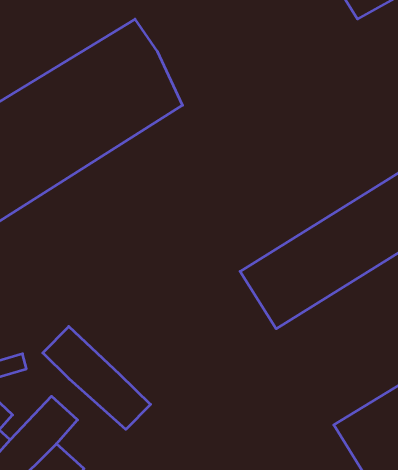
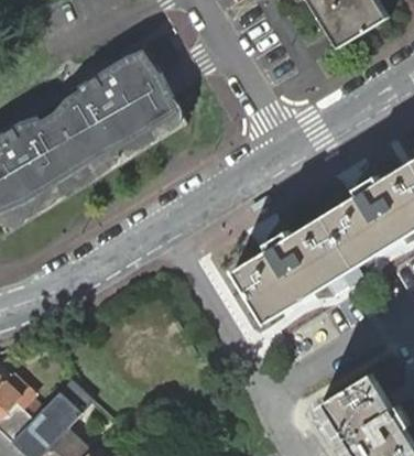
building: [43,326,151,429] -> none

